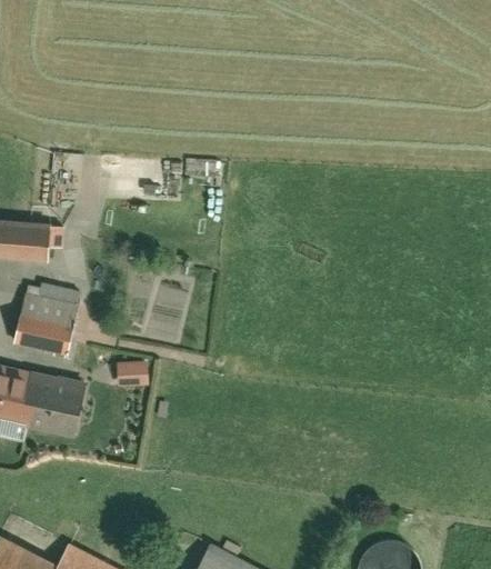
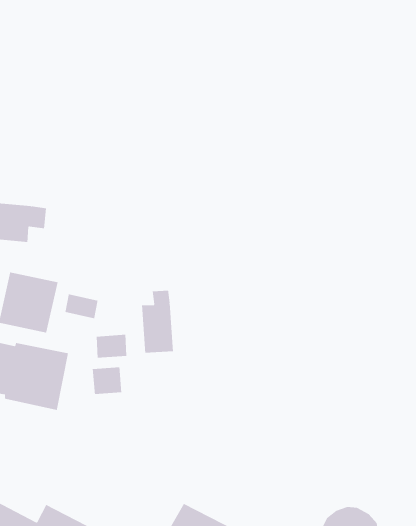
building: none -> [141,290,173,353]
building: none -> [65,293,98,319]
building: none -> [92,367,122,395]

